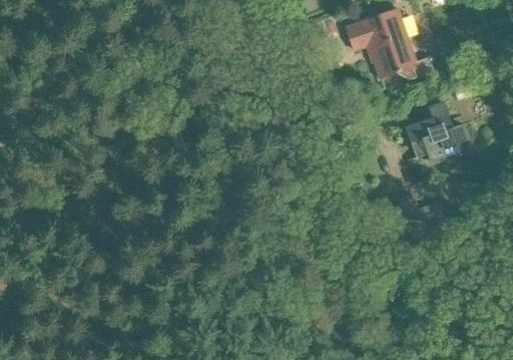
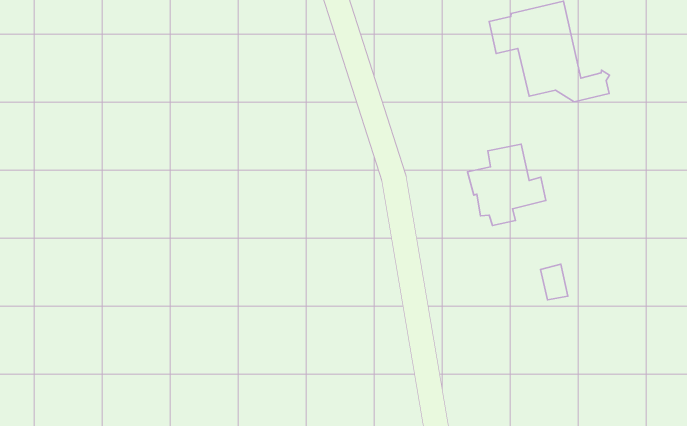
building: [409,103,466,162] -> [467,144,546,225]

